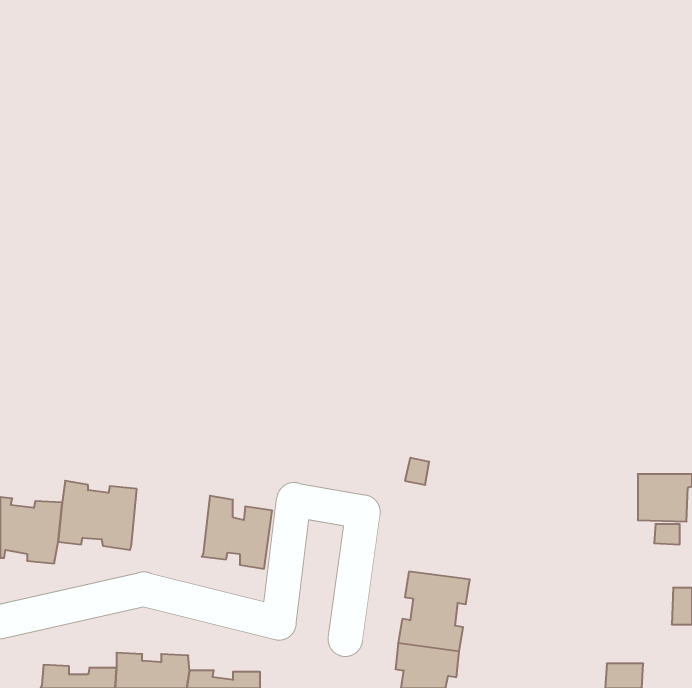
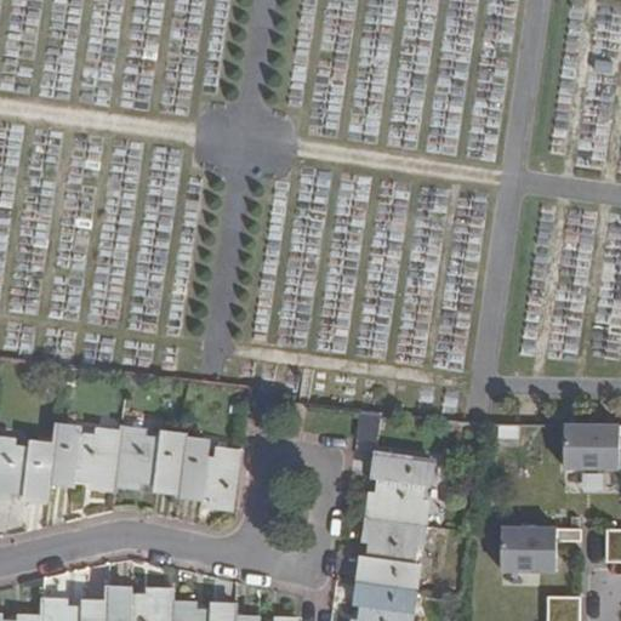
building: none -> [118,433,188,496]
building: none -> [366,455,428,519]
building: none -> [508,525,577,569]

